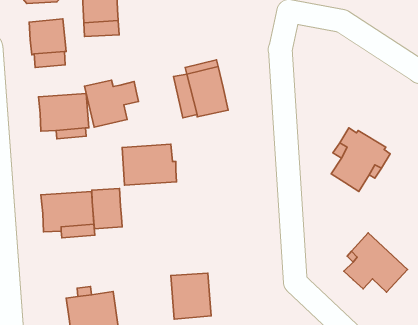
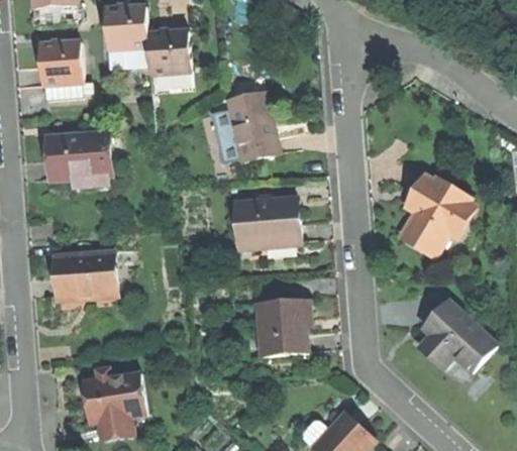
building: none -> [145,28,188,72]
building: [85,80,138,127] -> none
building: [122,144,177,185] -> [235,196,301,245]
building: [92,188,122,229] -> none
building: [171,273,211,319] -> [258,299,307,354]

